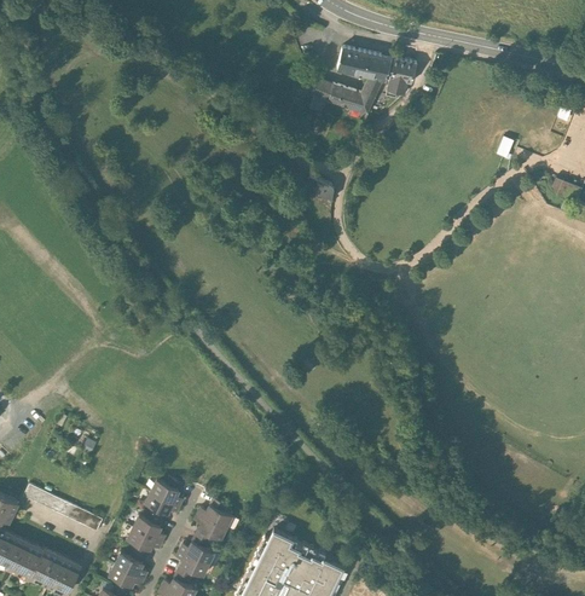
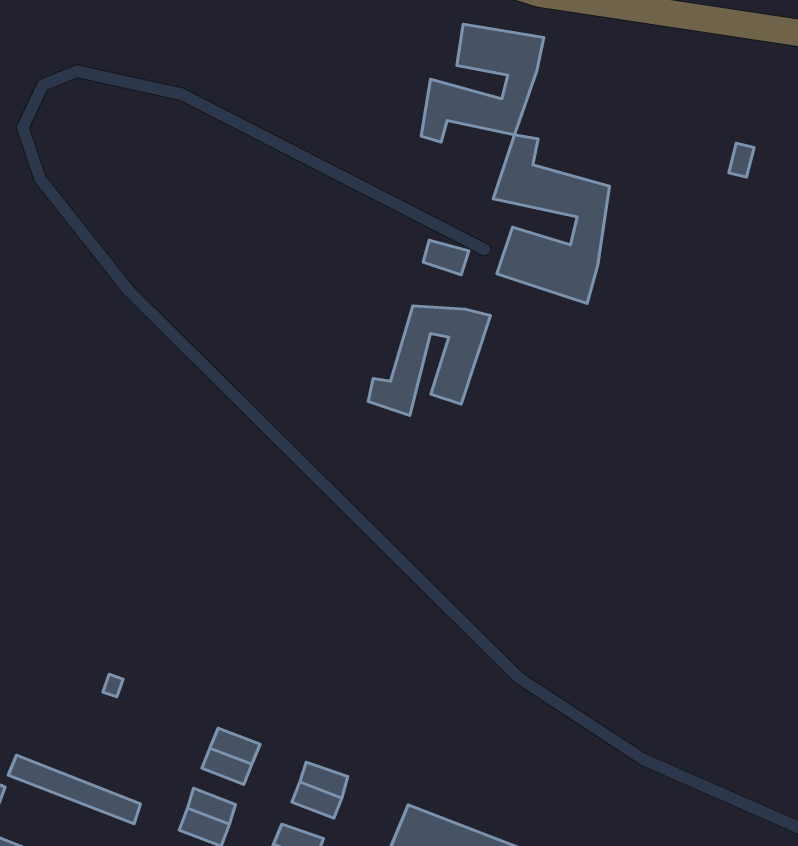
building: [386,62,419,102] -> none
building: none -> [493,135,609,303]
building: none -> [368,306,490,415]

